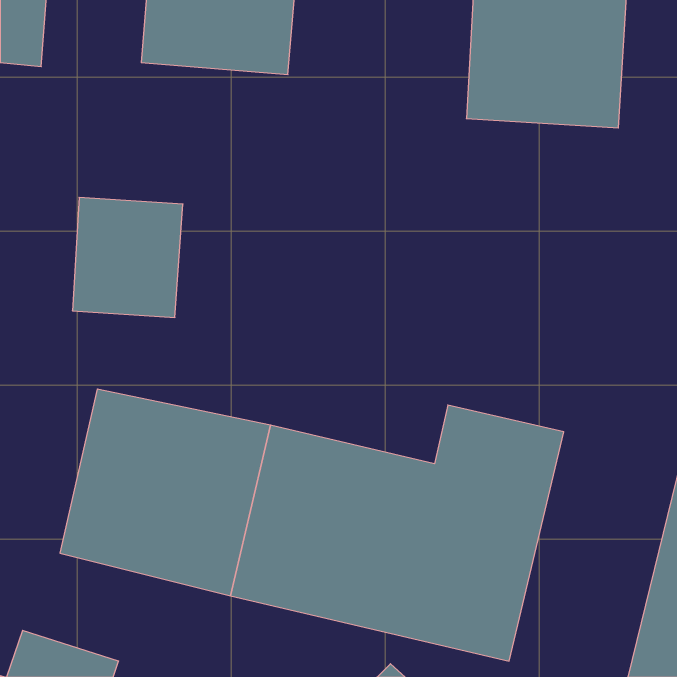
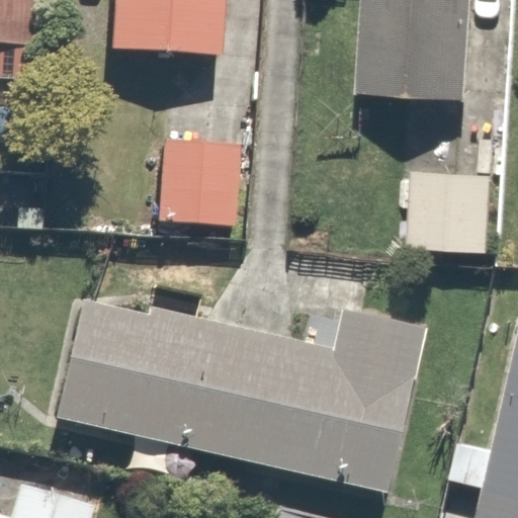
building: [72,197,183,317] -> [153,131,237,222]
building: none -> [405,164,494,242]

